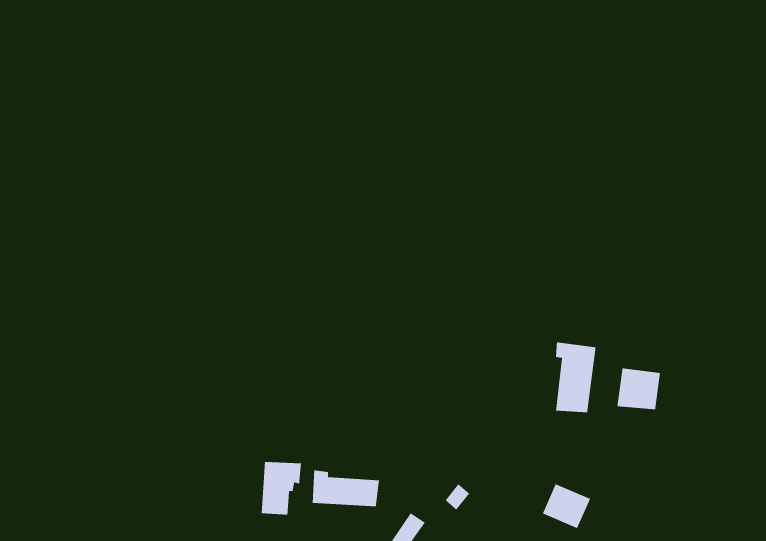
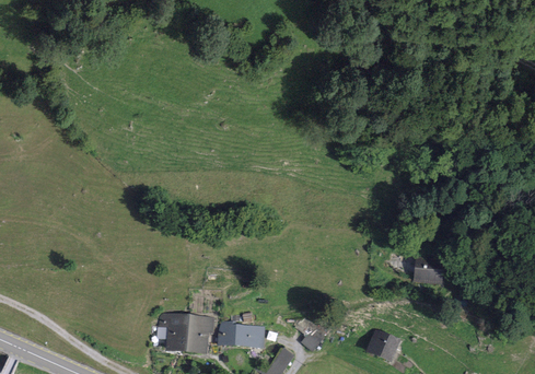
building: [555,341,596,413] -> none
building: none -> [160,313,189,350]

